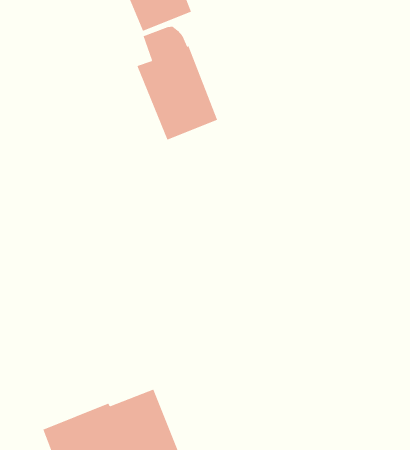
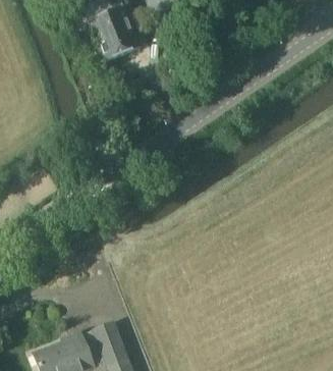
building: [137,26,218,140] -> none

